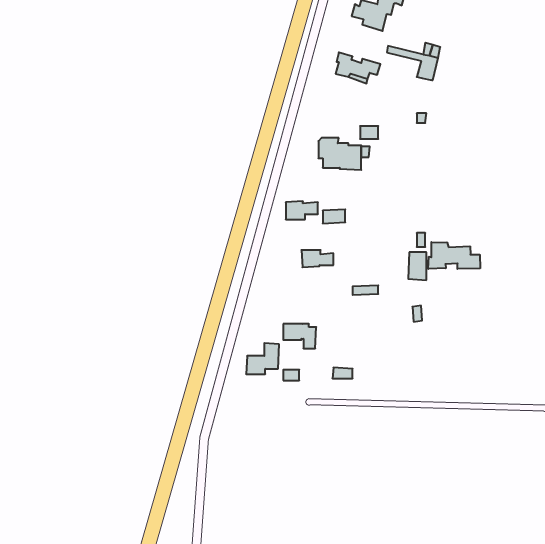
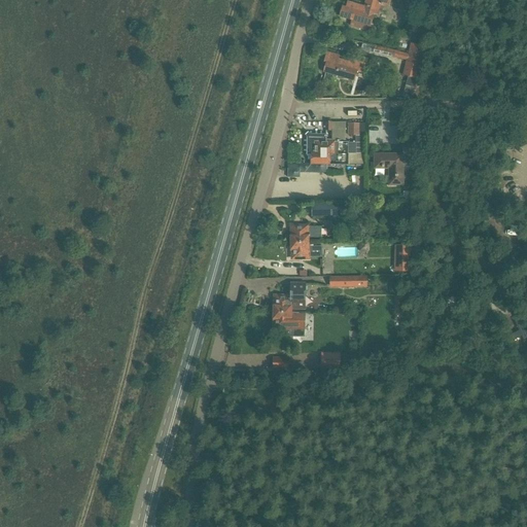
building: none -> [374,152,409,184]
building: [286,201,318,219] -> [290,223,321,241]
building: [428,242,480,269] -> none
building: [246,343,279,374] -> [273,282,305,312]

